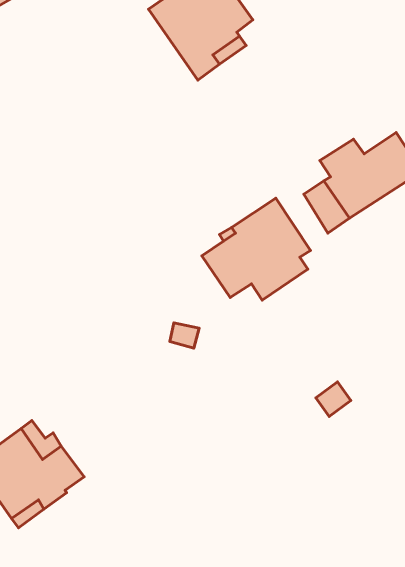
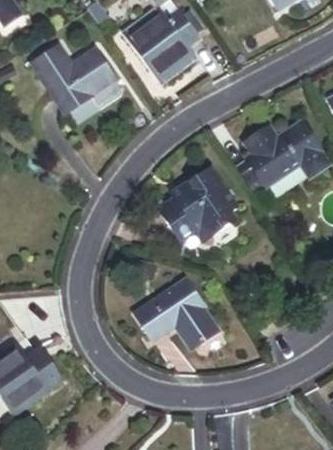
building: none -> [30,44,120,111]
building: none -> [137,281,217,350]

